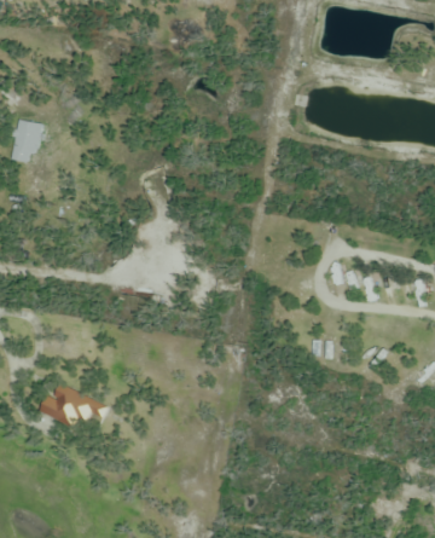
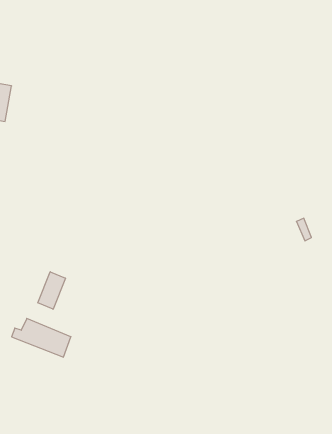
building: none -> [38,272,65,309]

